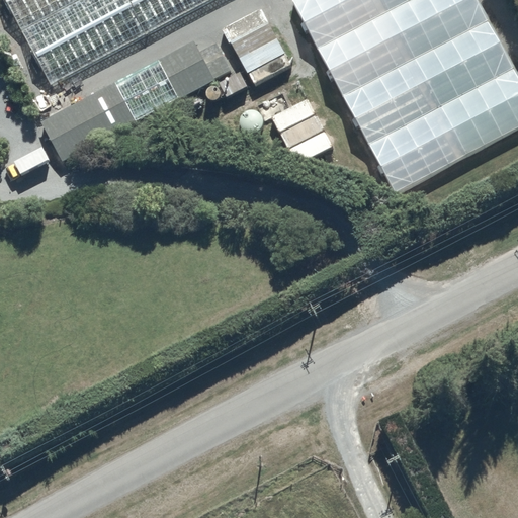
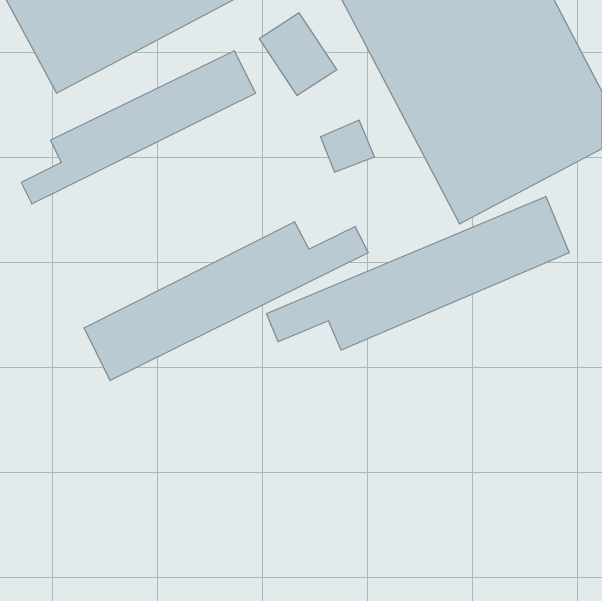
building: none -> [266,196,569,350]
building: none -> [84,222,368,381]

